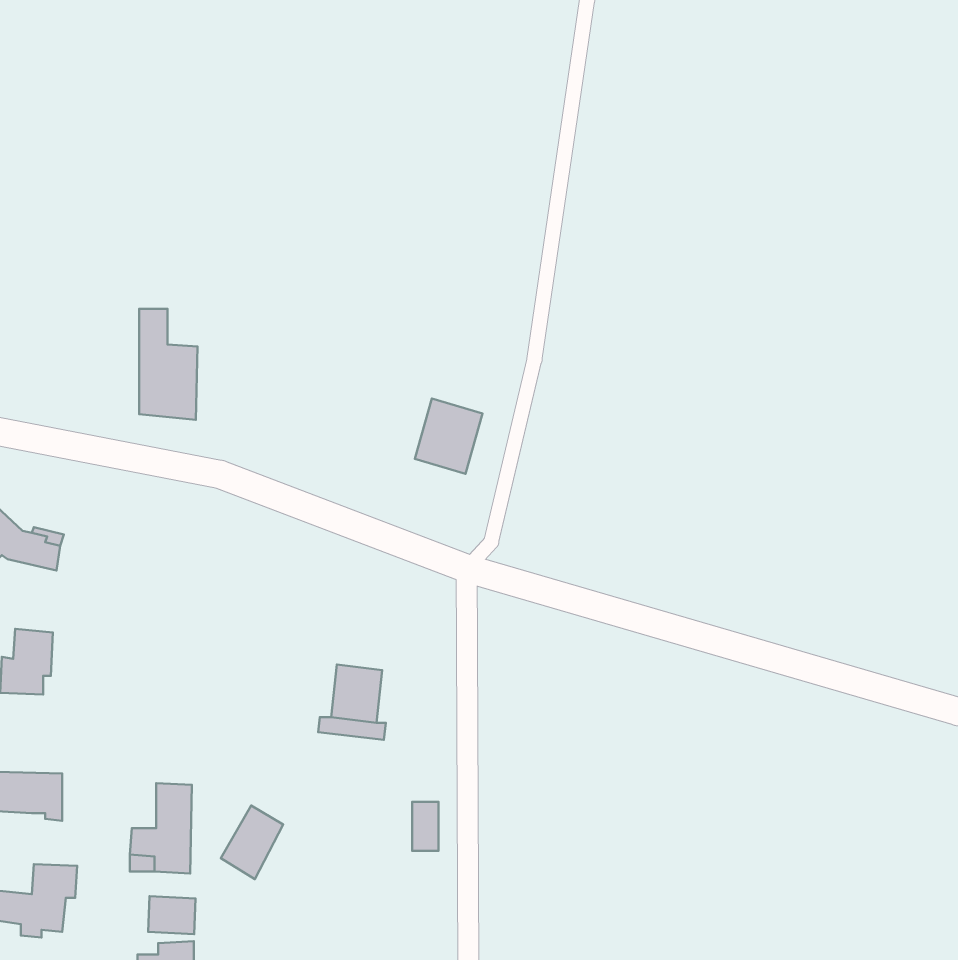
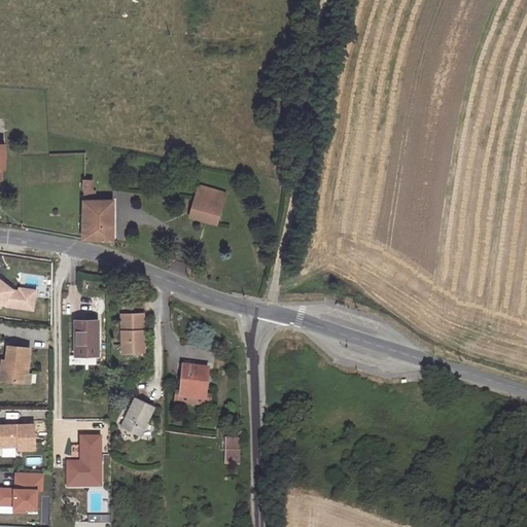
building: [415,398,483,474] -> [187,186,224,227]
building: none -> [120,313,144,352]
building: none -> [75,321,97,356]
building: [221,806,283,879] -> [119,395,153,435]
building: [148,896,195,934] -> none

